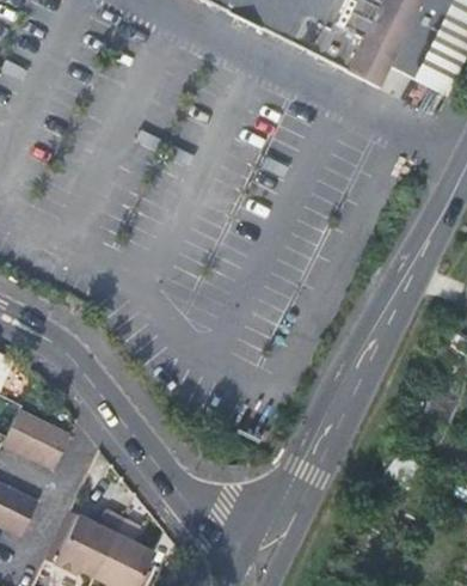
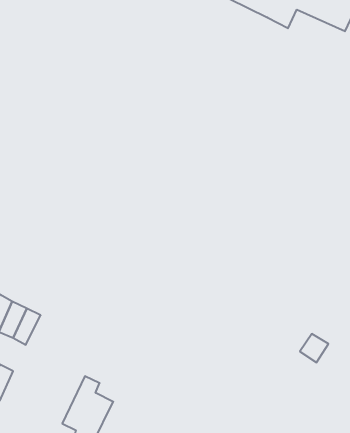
building: [56,500,123,564] -> none

